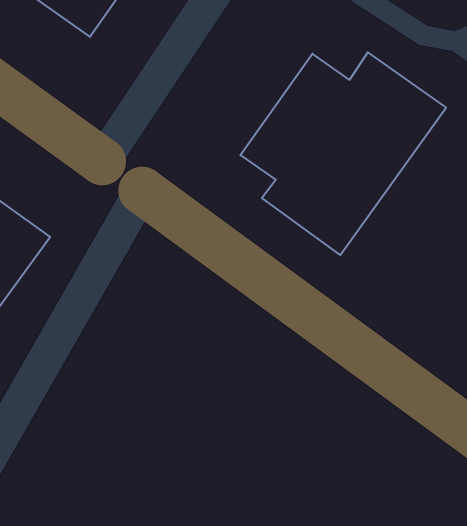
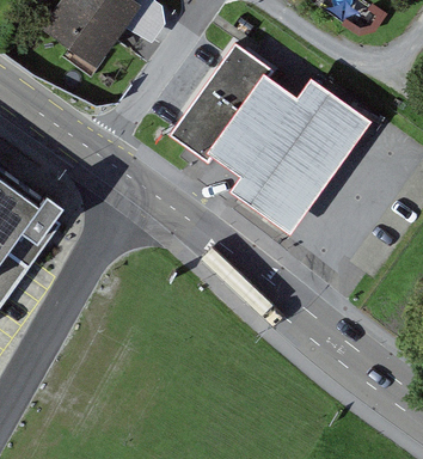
building: none -> [170,42,275,163]

